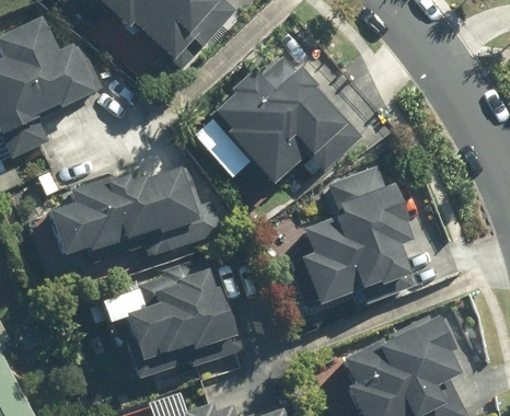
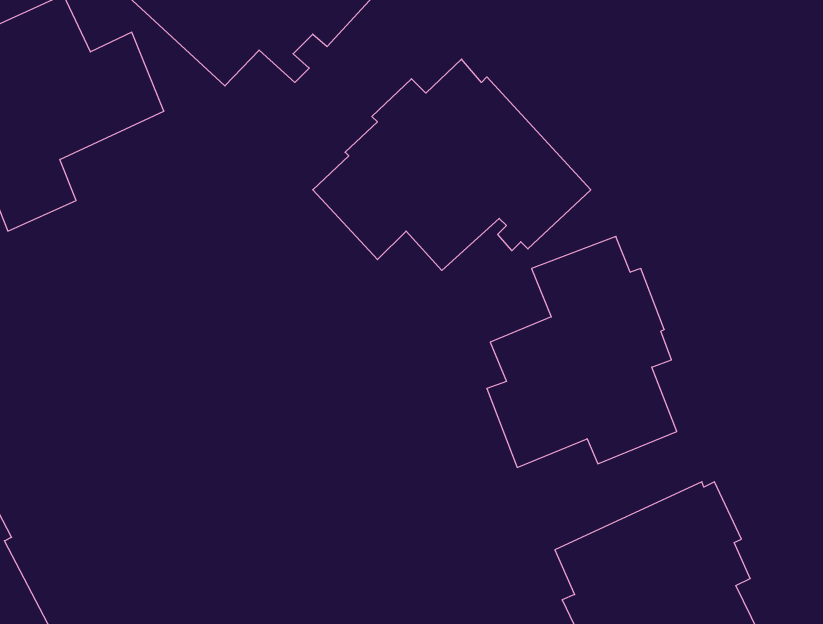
building: [48,164,222,256] -> none
building: [100,255,245,379] -> none

